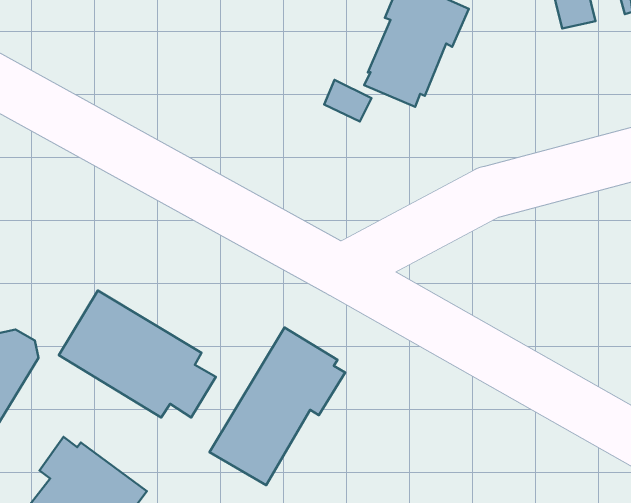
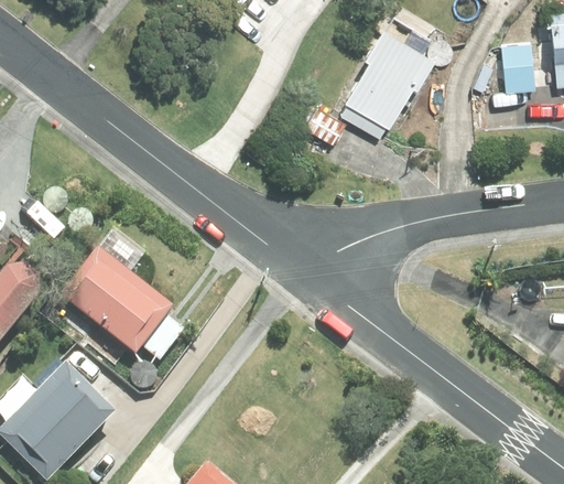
building: [209,328,345,485] -> none

